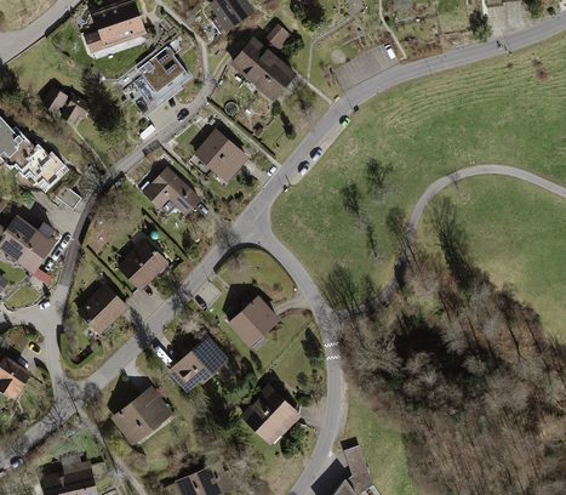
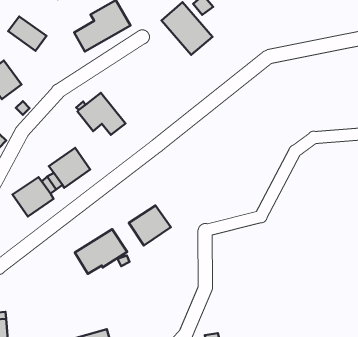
building: [191,129,247,182] -> none
building: [109,383,171,442] -> none
building: [236,385,299,444] -> none

